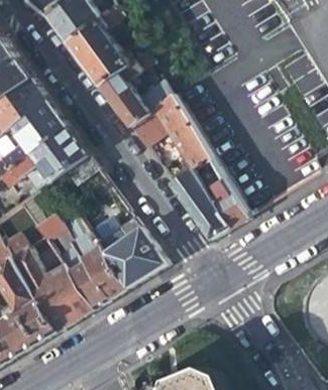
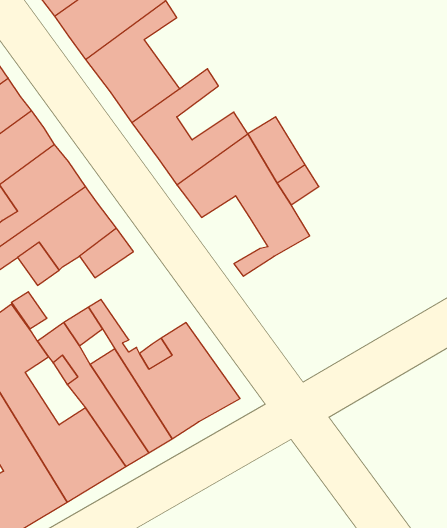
building: [168,160,246,241] -> none

